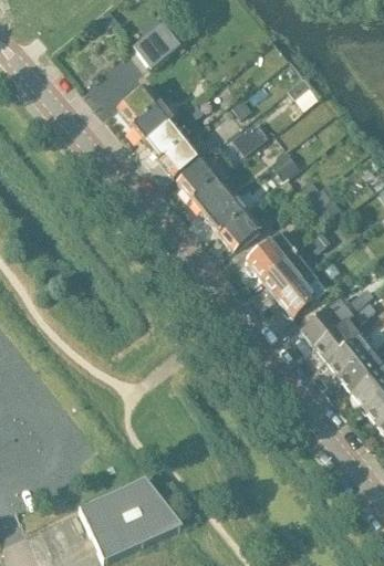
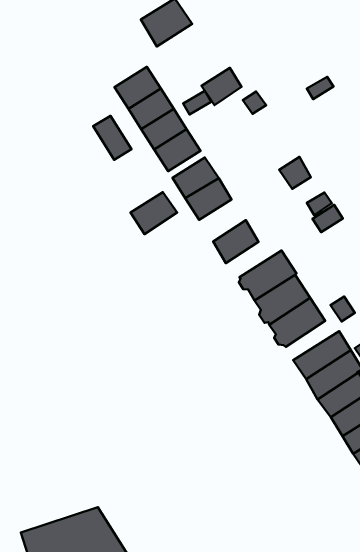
building: [232,120,268,155] -> [201,68,242,105]
building: none -> [93,116,132,160]
building: [206,195,247,233] -> [130,192,177,234]

